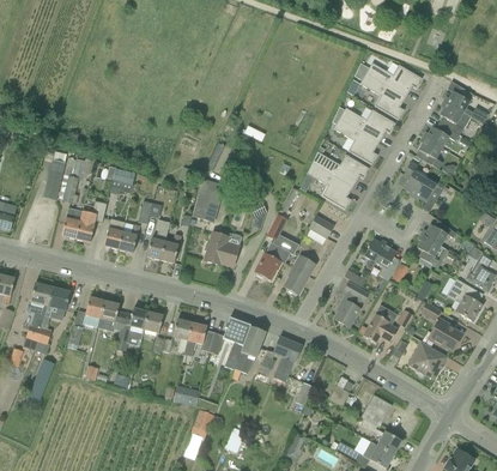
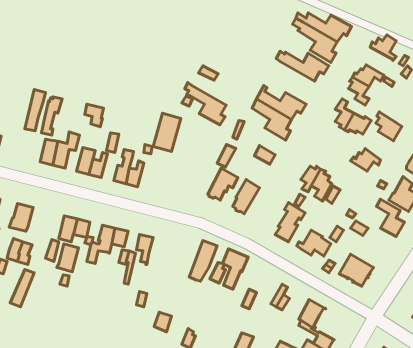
building: [438,102,469,134] -> none
building: [331,115,378,164] -> [185,83,226,125]
building: [204,231,240,266] -> none
building: [417,234,447,267] -> [376,112,402,141]
building: [44,288,69,320] -> [57,244,78,272]
building: [223,318,250,368] -> none
building: [428,319,462,351] -> none
building: [184,322,213,355] -> none

